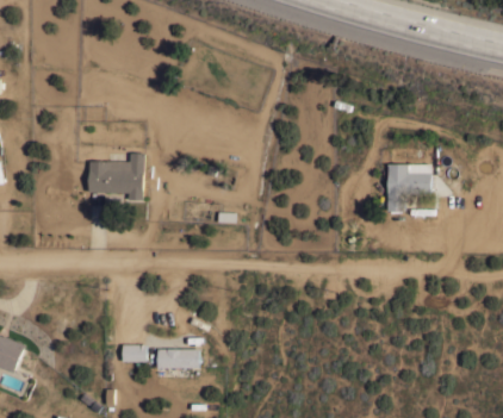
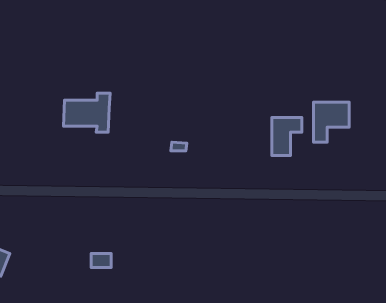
building: none -> [272,117,302,155]
building: [157,349,198,368] -> none

